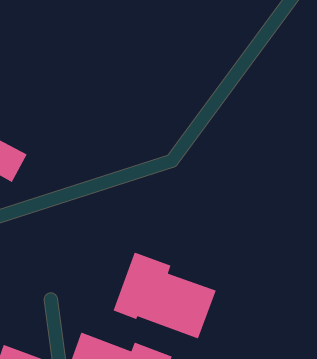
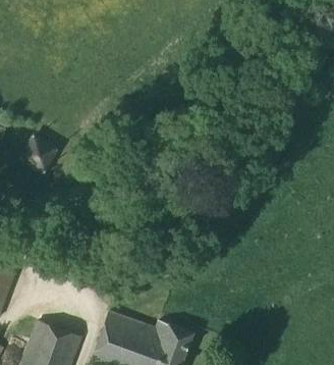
building: [113,252,217,339] -> none

